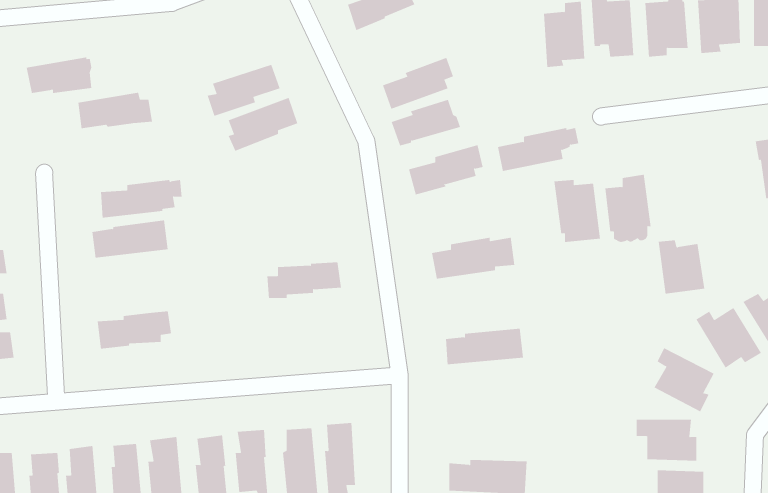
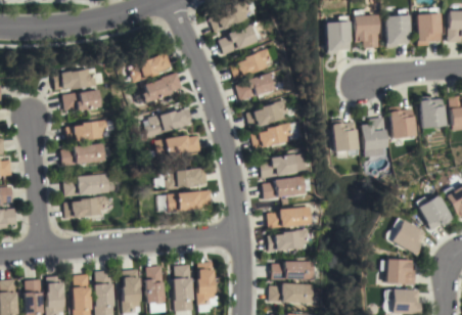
building: none -> [220,25,260,54]
building: [26,57,92,94] -> [62,89,101,110]
building: [497,128,579,171] -> [251,123,299,148]
building: none -> [419,96,447,128]
building: none -> [142,108,193,137]
building: none -> [154,135,201,159]
building: [658,240,705,294] -> [389,106,417,138]
building: none -> [63,174,110,196]
building: none -> [263,176,308,199]
building: none -> [167,190,213,212]
building: none -> [269,229,312,252]
building: none -> [272,262,316,279]

